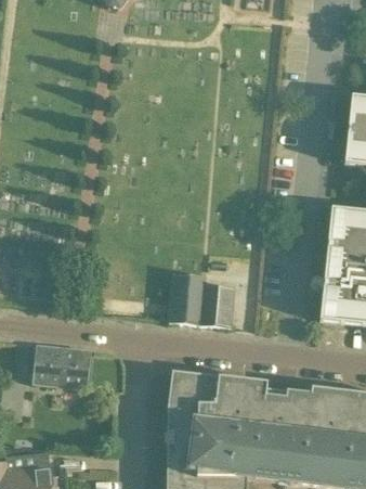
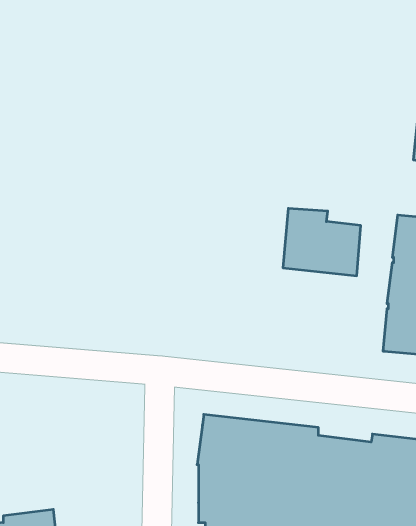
building: [170,274,234,330] -> [283,208,361,276]
building: [35,347,89,388] -> none

